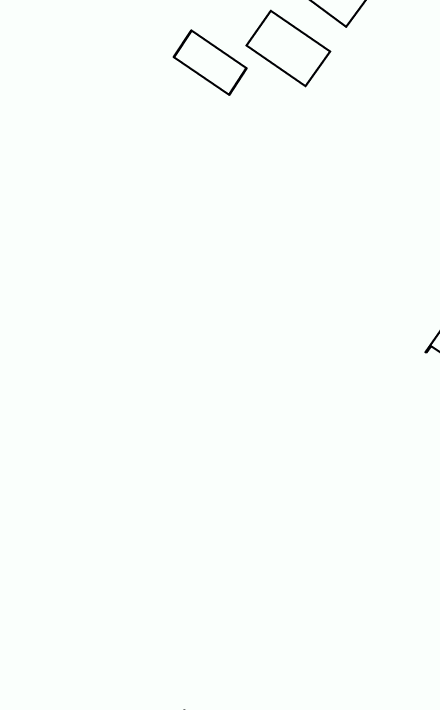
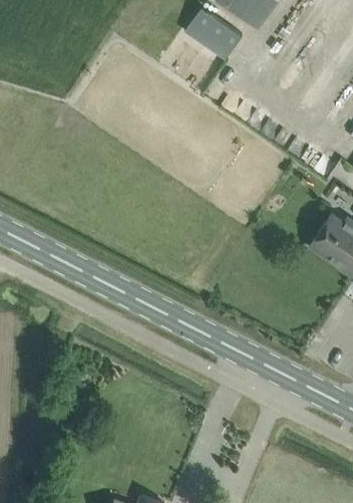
building: [174,30,247,95] -> none

